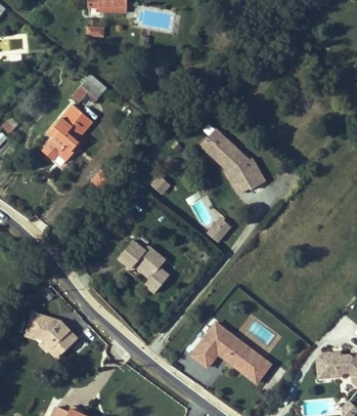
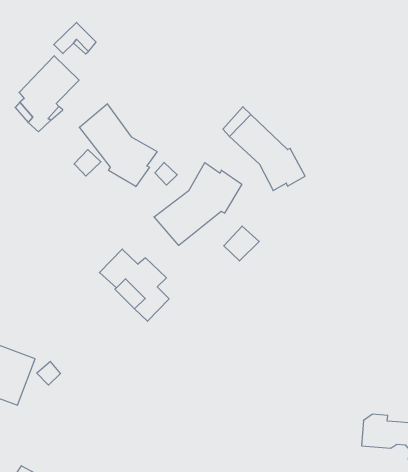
building: none -> [79,104,157,187]
building: none -> [154,163,242,245]
building: [189,321,273,385] -> none

